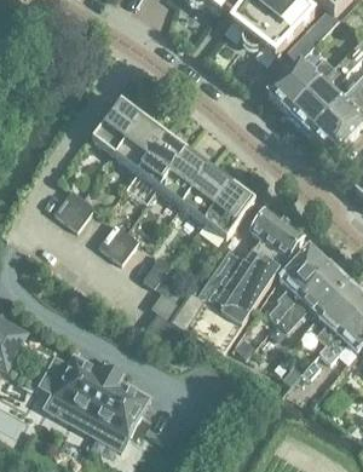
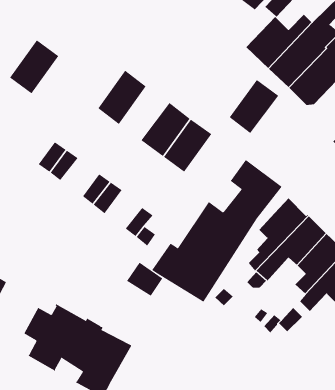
building: [93,98,144,154] -> [9,39,59,94]
building: [138,132,189,186] -> none
building: [204,180,255,236] -> [229,79,279,134]

